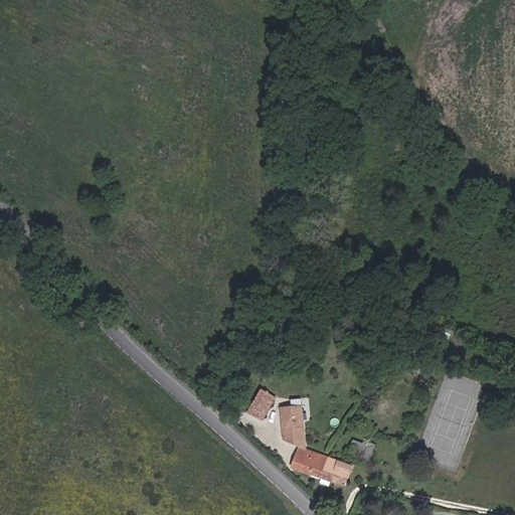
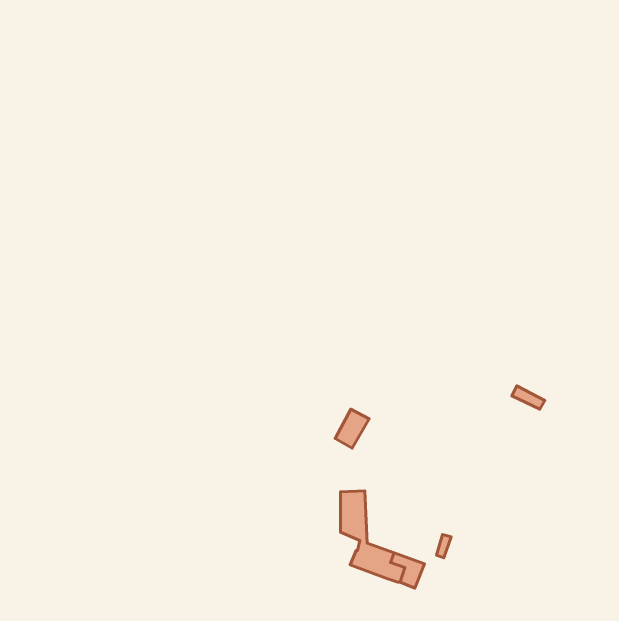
building: [246,388,275,420] -> [335,409,369,448]

